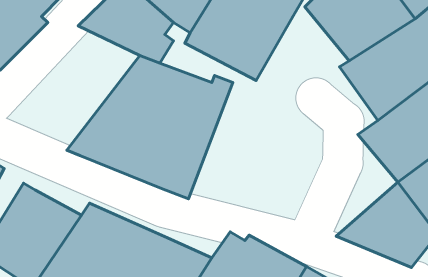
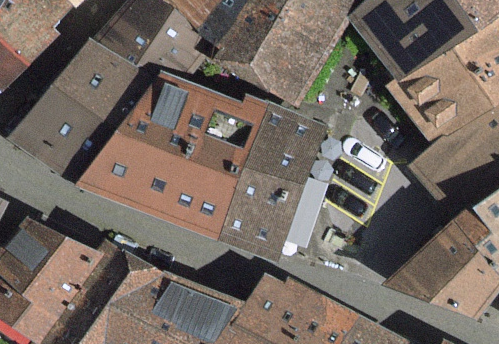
building: none -> [12,39,163,182]
building: none -> [219,104,325,260]

